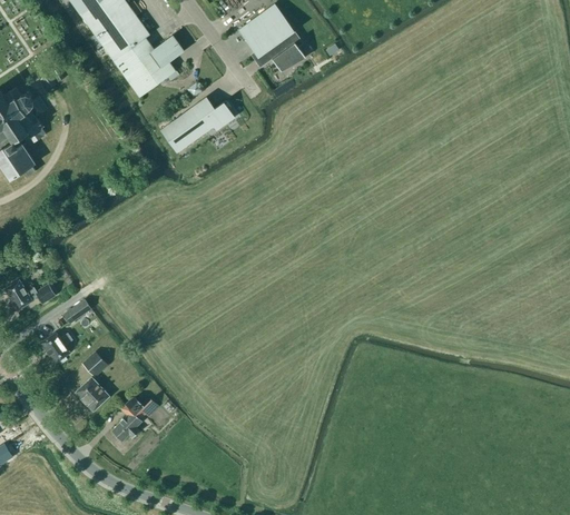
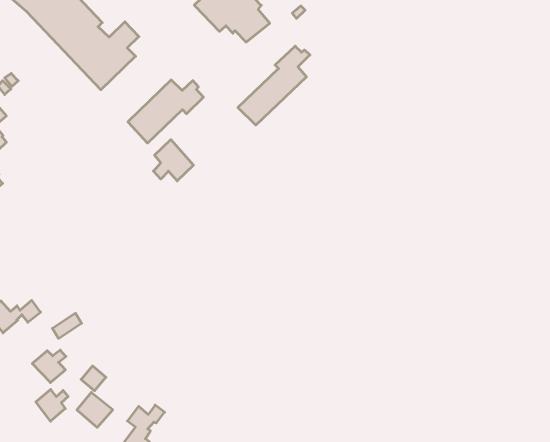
building: none -> [238,46,310,125]
building: none -> [153,140,193,181]
building: none -> [36,389,68,421]

